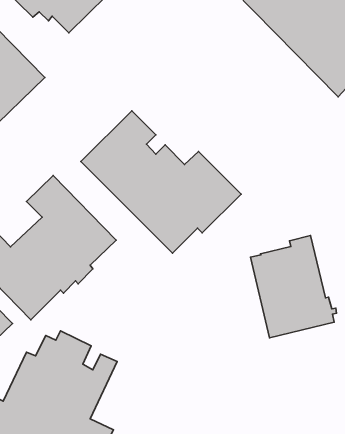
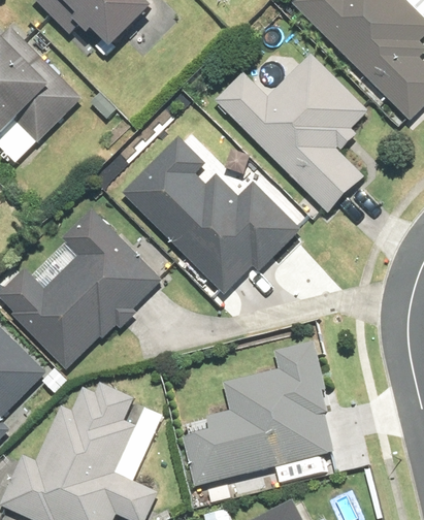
building: none -> [215,52,368,212]
building: [251,235,337,338] -> none
building: none -> [182,340,334,485]

